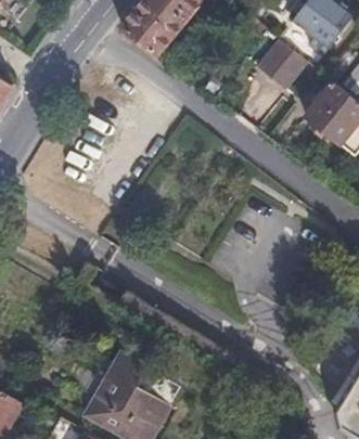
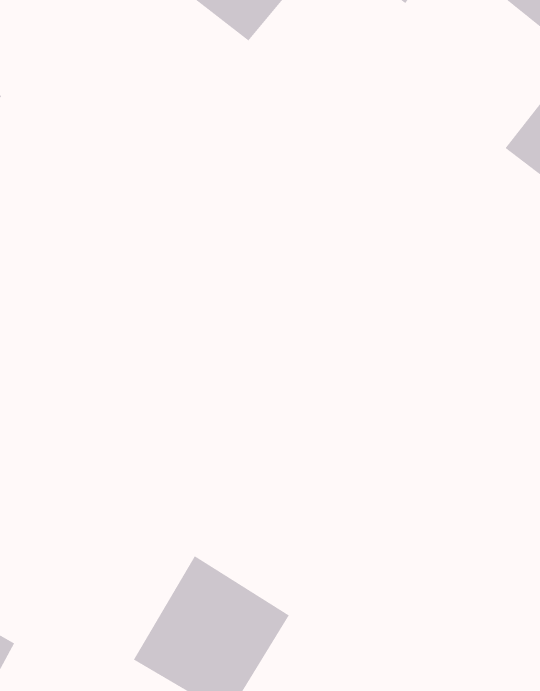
building: [257,39,307,90] -> none

